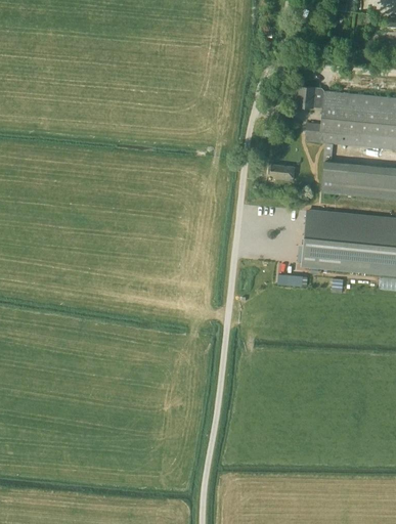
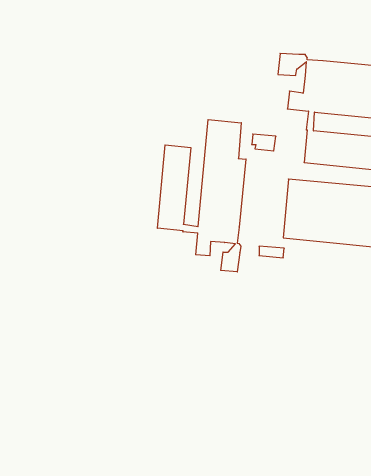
building: none -> [157,120,246,272]

